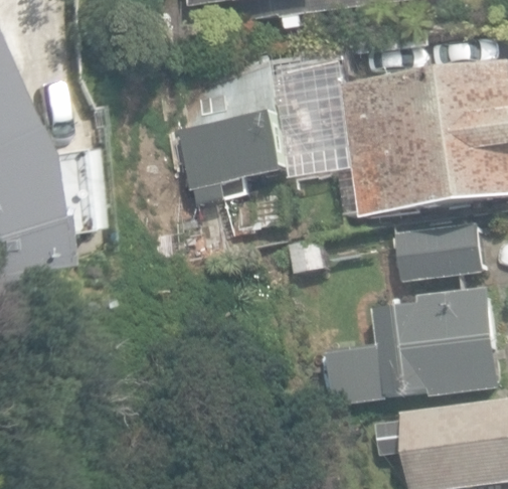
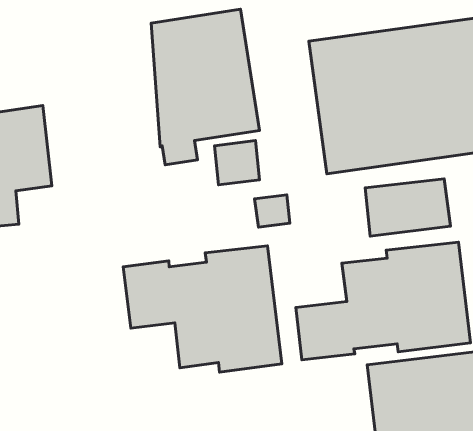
building: none -> [123,246,282,372]

